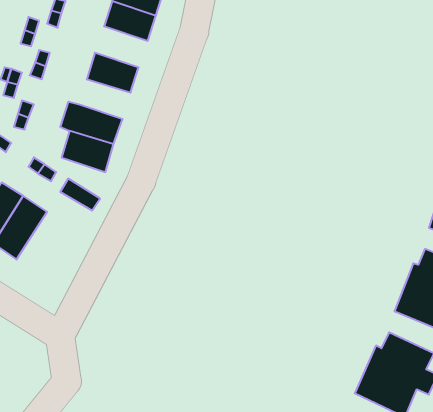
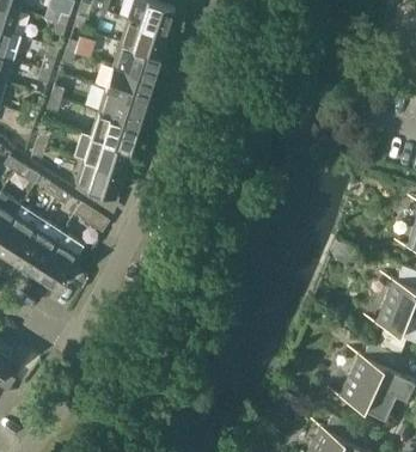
building: none -> [105,67,153,104]
building: none -> [91,115,137,151]
building: none -> [35,234,84,291]

